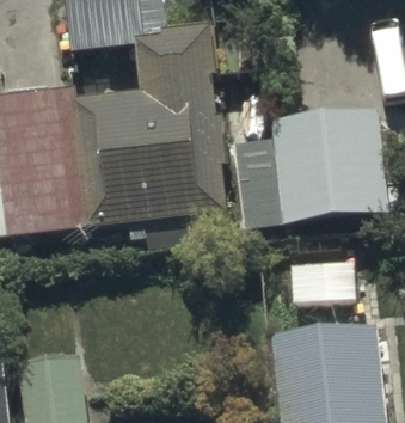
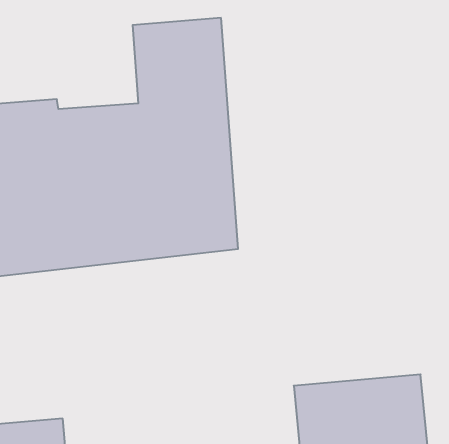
building: [268,112,381,223] -> none

